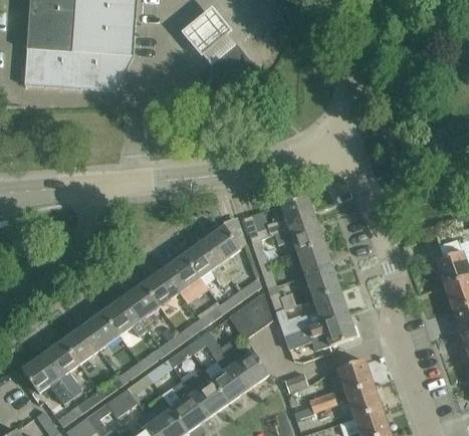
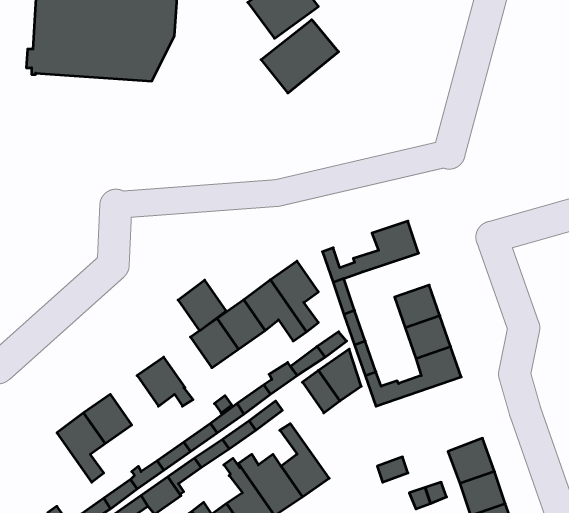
building: [273,220,323,253] -> none
building: [124,283,160,321] -> [178,280,226,331]
building: [83,312,120,350] -> none
building: [283,313,357,360] -> none
building: [219,342,269,390] -> none
building: [22,356,73,405] -> none

